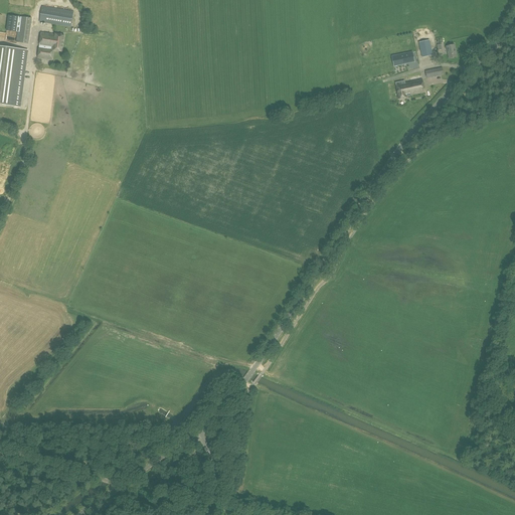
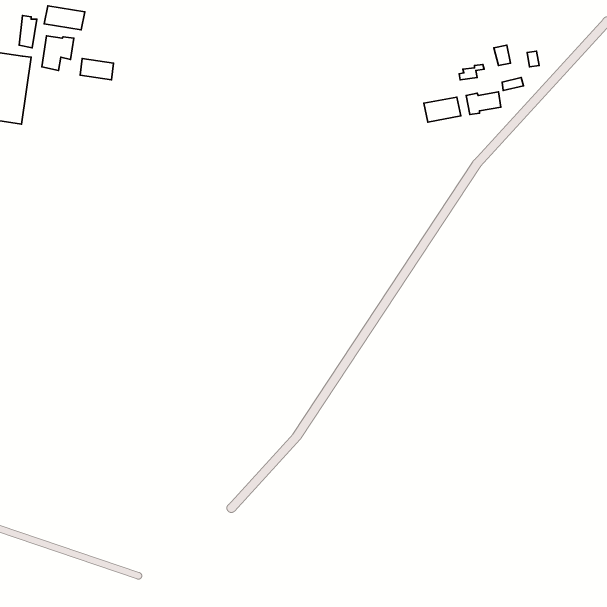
building: none -> [80,58,114,80]
building: none -> [424,97,461,122]

